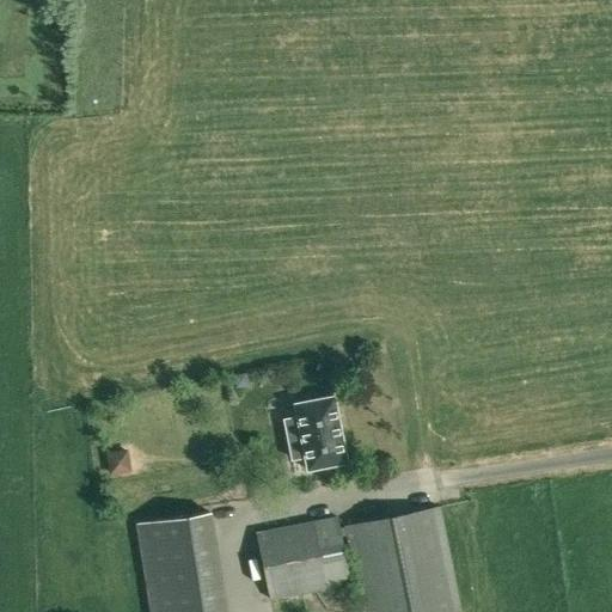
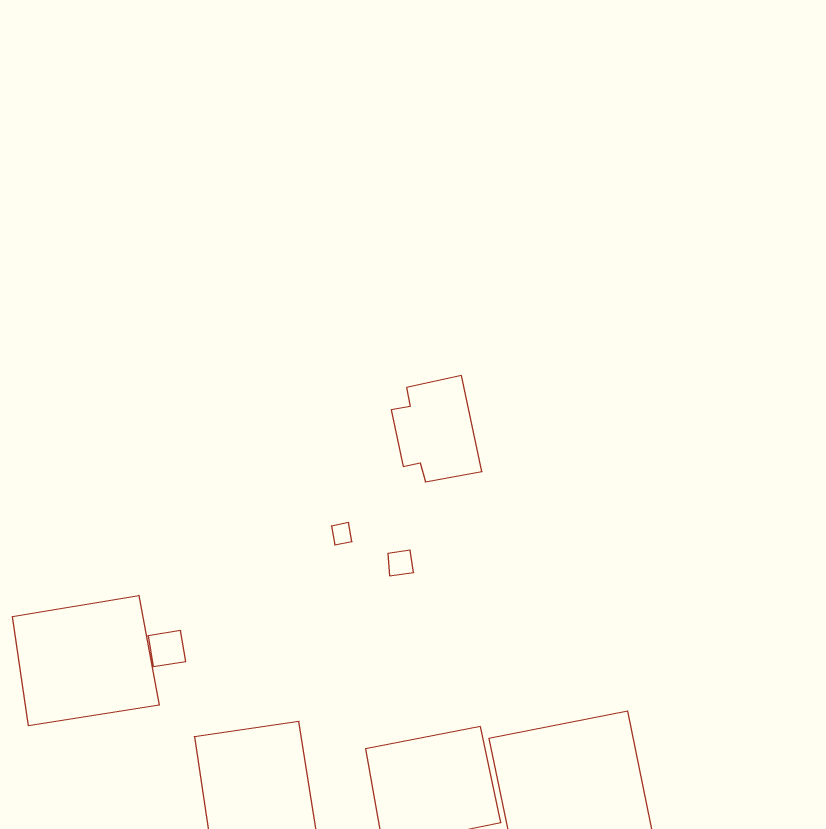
building: [283,397,347,471] -> [391,376,482,482]
building: none -> [12,595,159,726]

